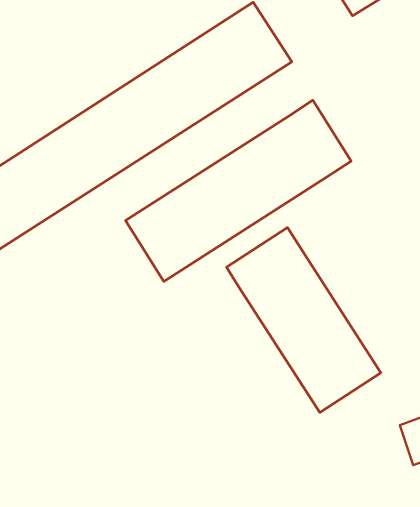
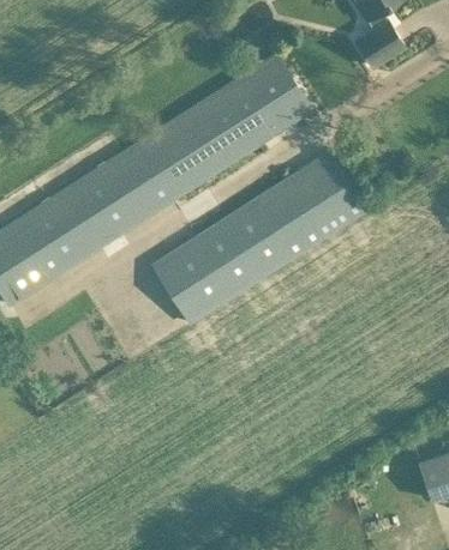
building: [226,228,381,412] -> none

